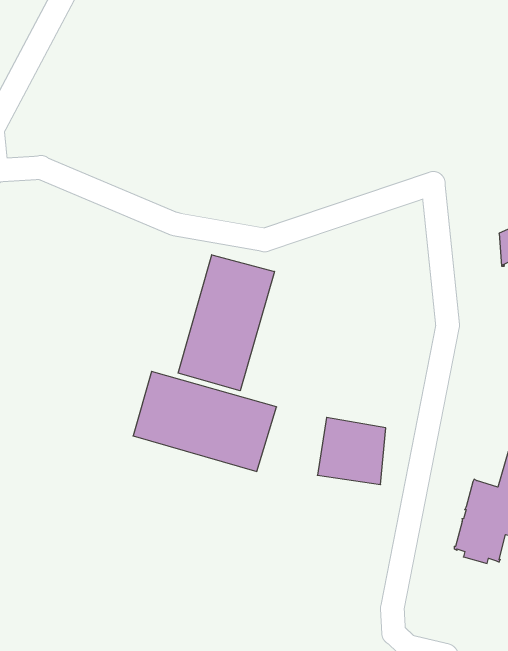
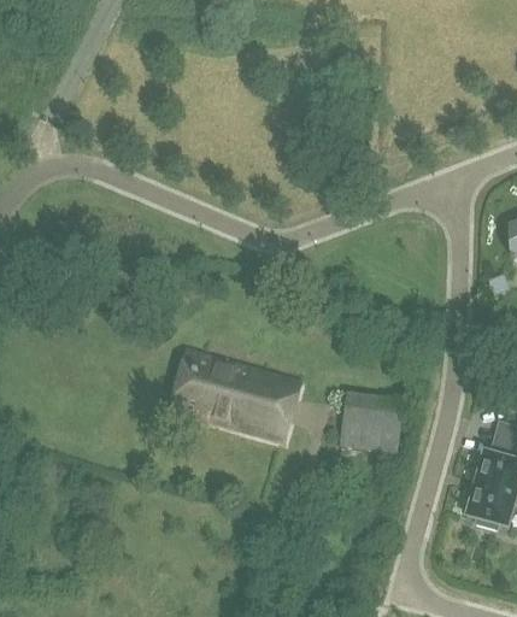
building: [178,255,274,391] -> none

